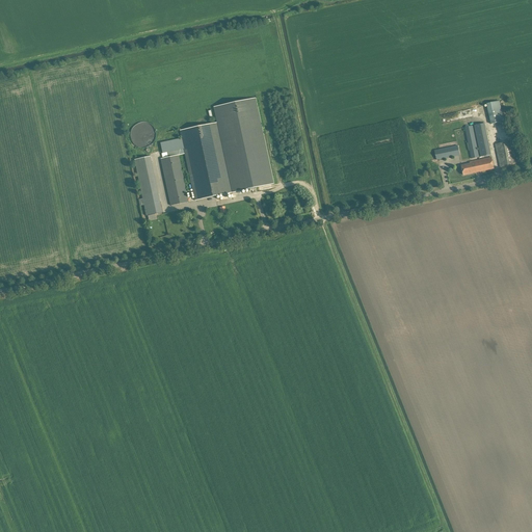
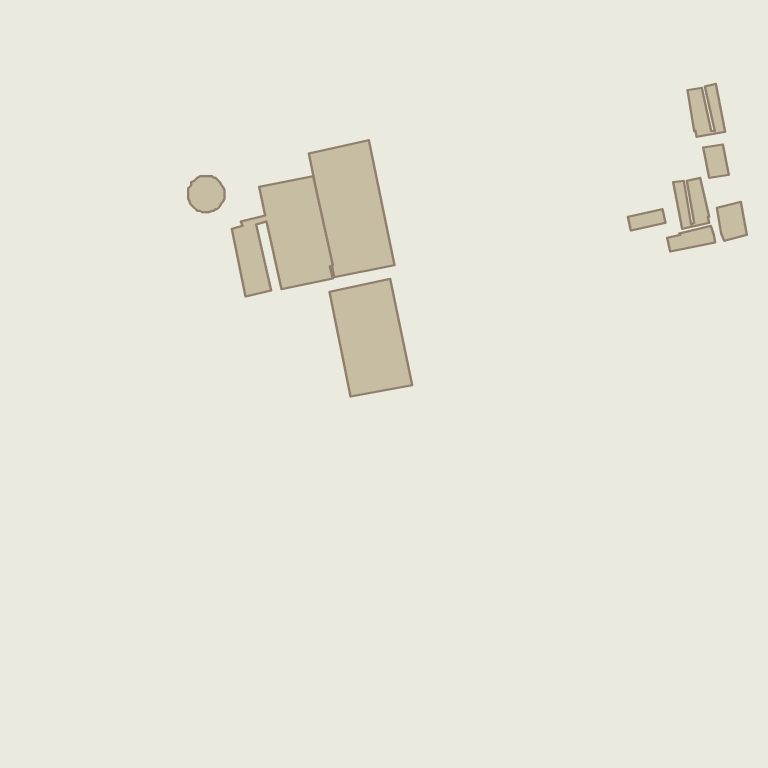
building: none -> [687,84,725,137]
building: [134,156,161,215] -> none
building: none -> [329,279,412,397]

